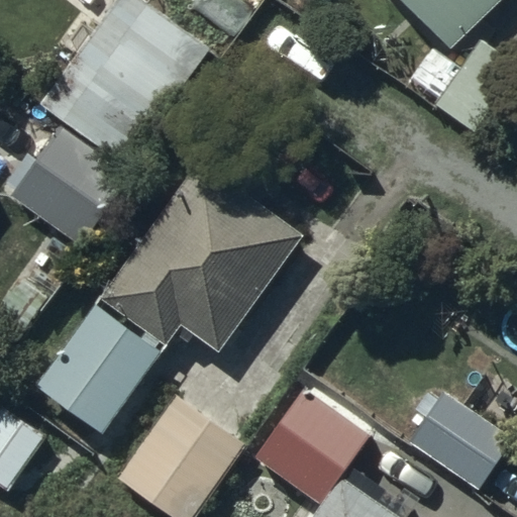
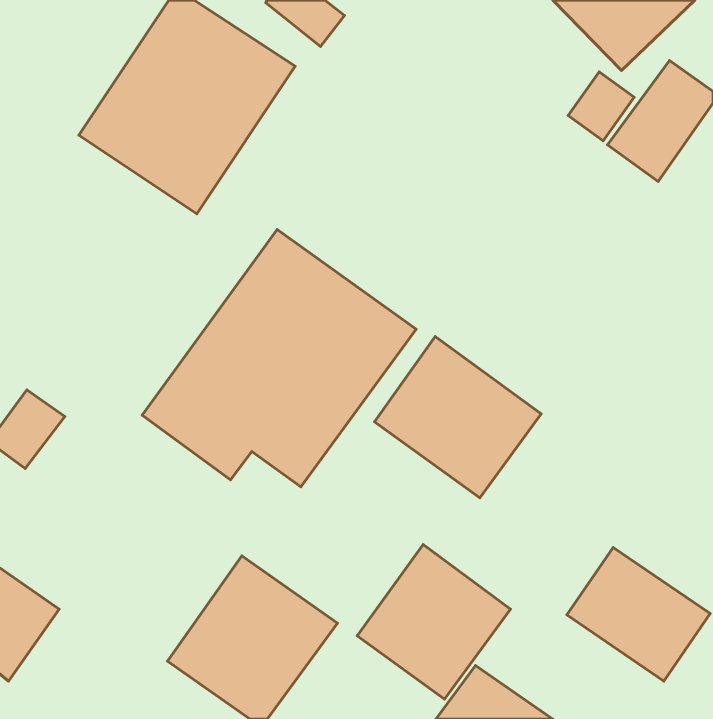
building: [11,127,124,242] -> none
building: none -> [375,336,541,498]
building: [36,306,161,432] -> none

